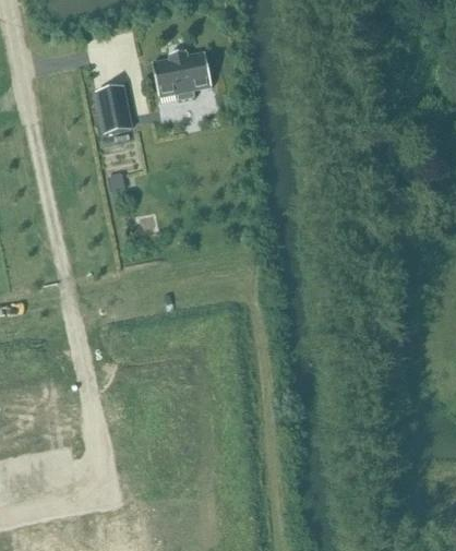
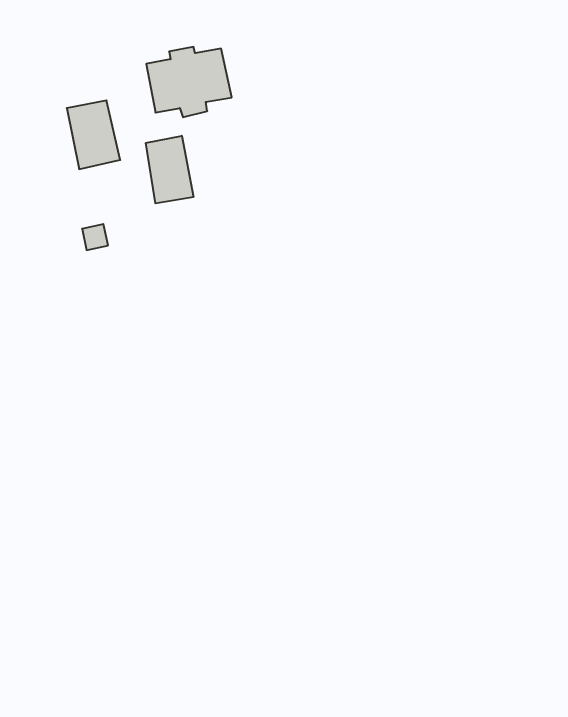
building: none -> [146,136,193,203]

